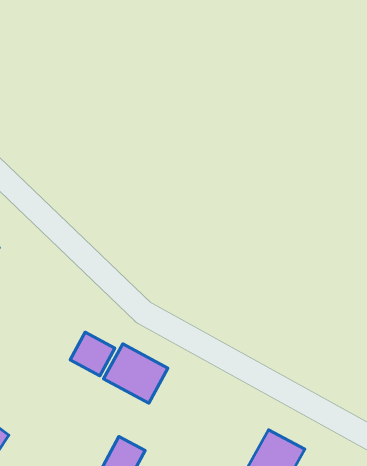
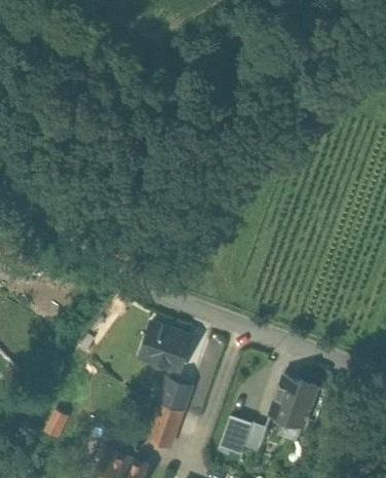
building: [70,332,115,376] -> none
building: none -> [159,380,191,411]

